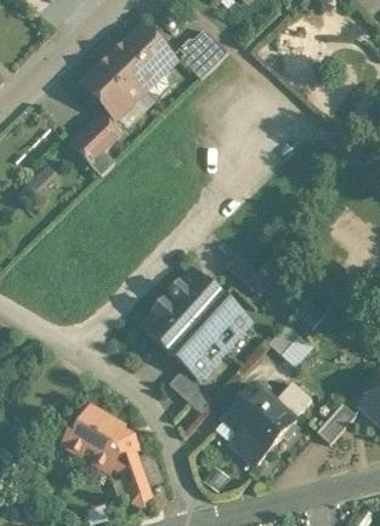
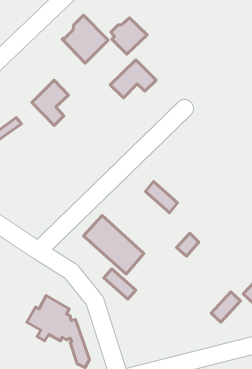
building: [83,57,143,115] -> none
building: none -> [110,60,156,98]
building: [166,269,249,349] -> none
building: [222,381,311,464] -> none

